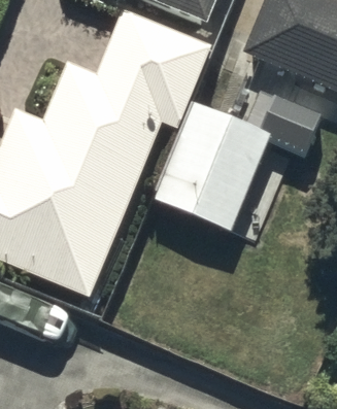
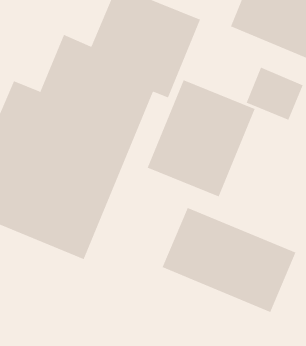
building: none -> [162,207,296,313]

